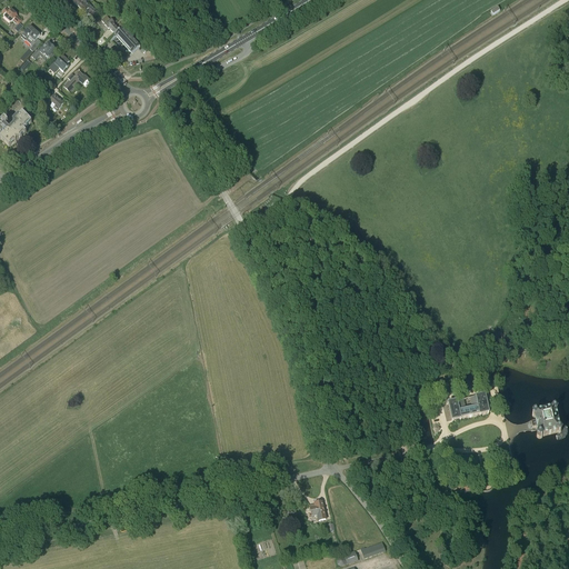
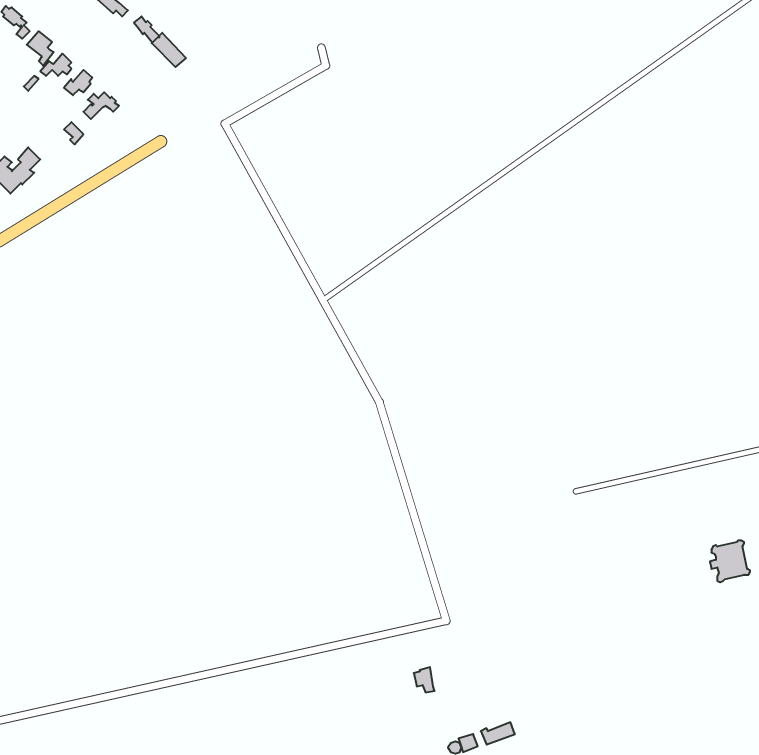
building: [447,391,488,418] -> none

